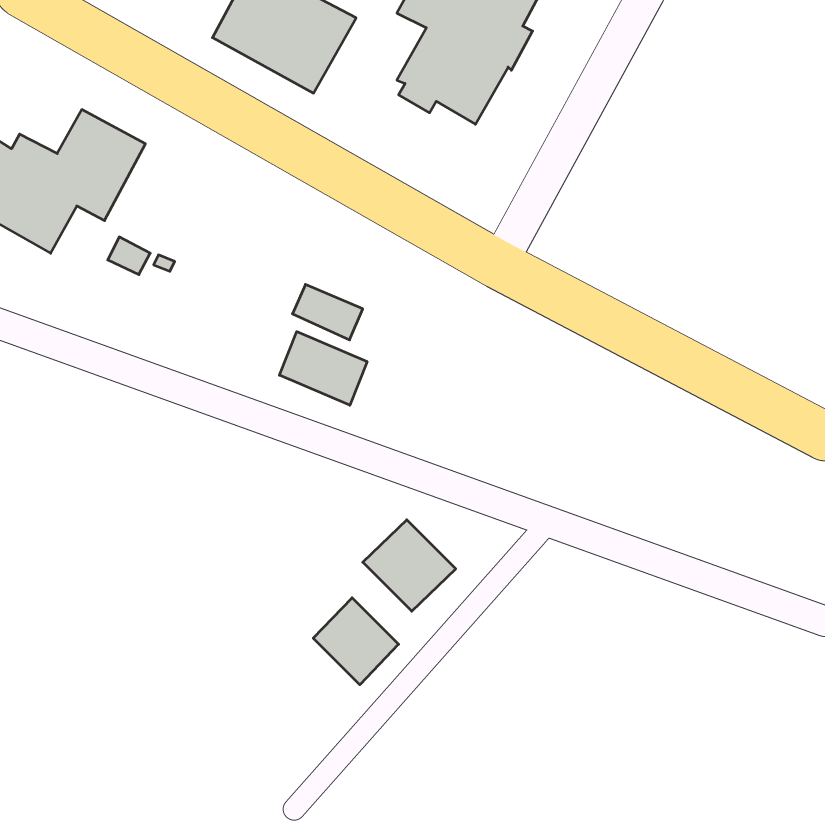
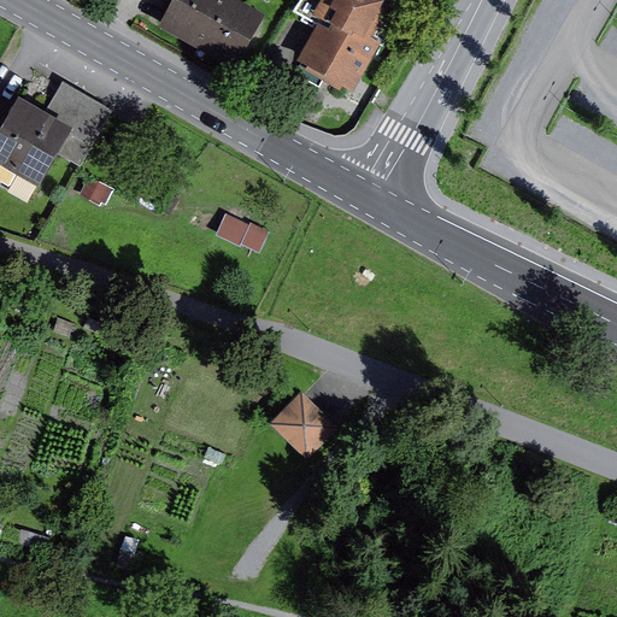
building: [279,332,367,405] -> none
building: [313,598,399,685] -> none

